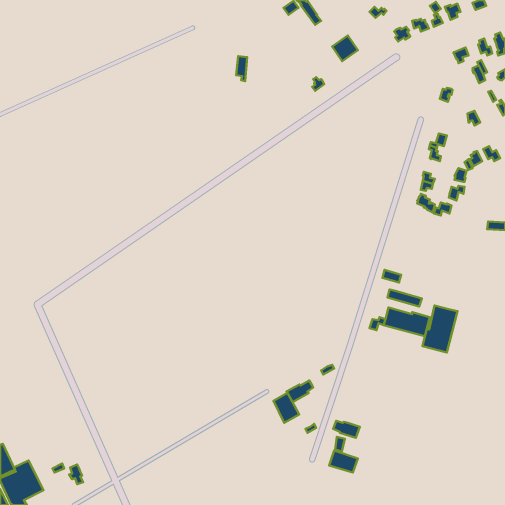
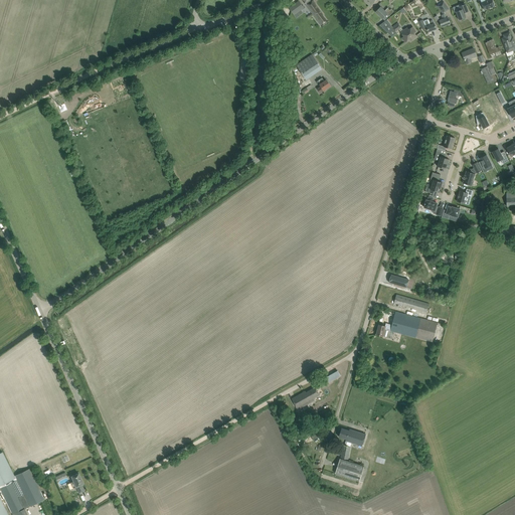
building: [332,35,358,61] -> [296,54,322,80]
building: [423,306,458,352] -> none
building: [273,393,299,423] -> none

